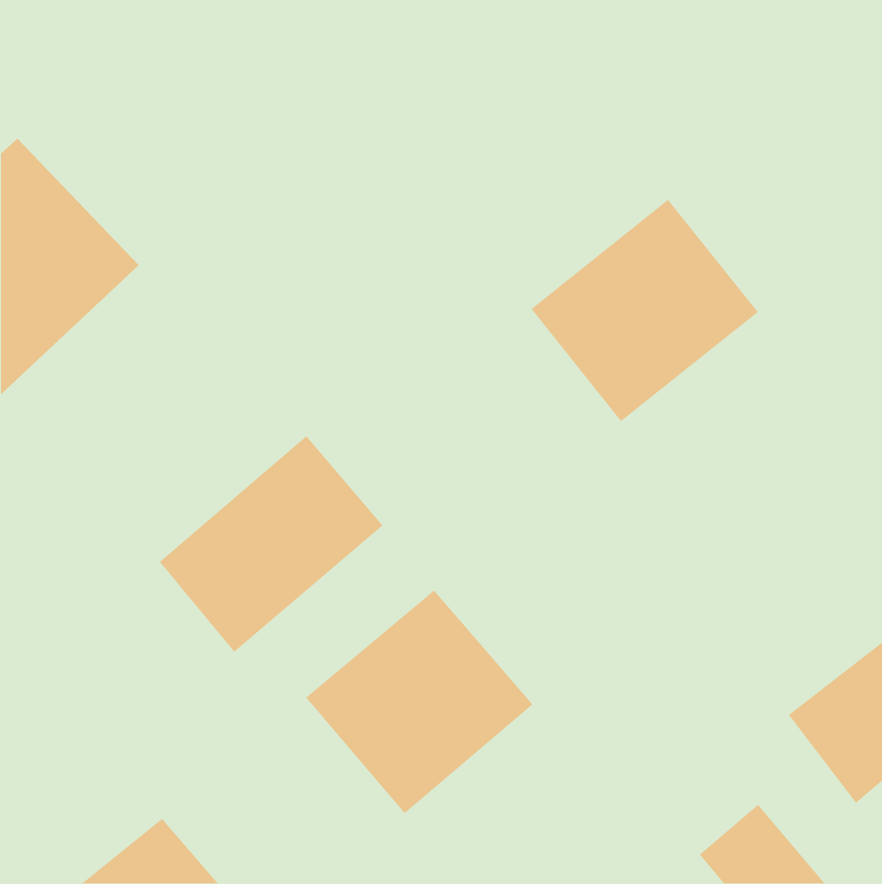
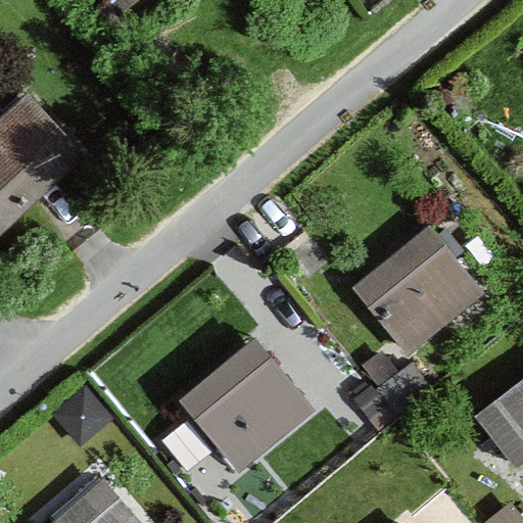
building: [530,199,759,422] -> [346,225,480,355]
building: [159,435,384,653] -> none

